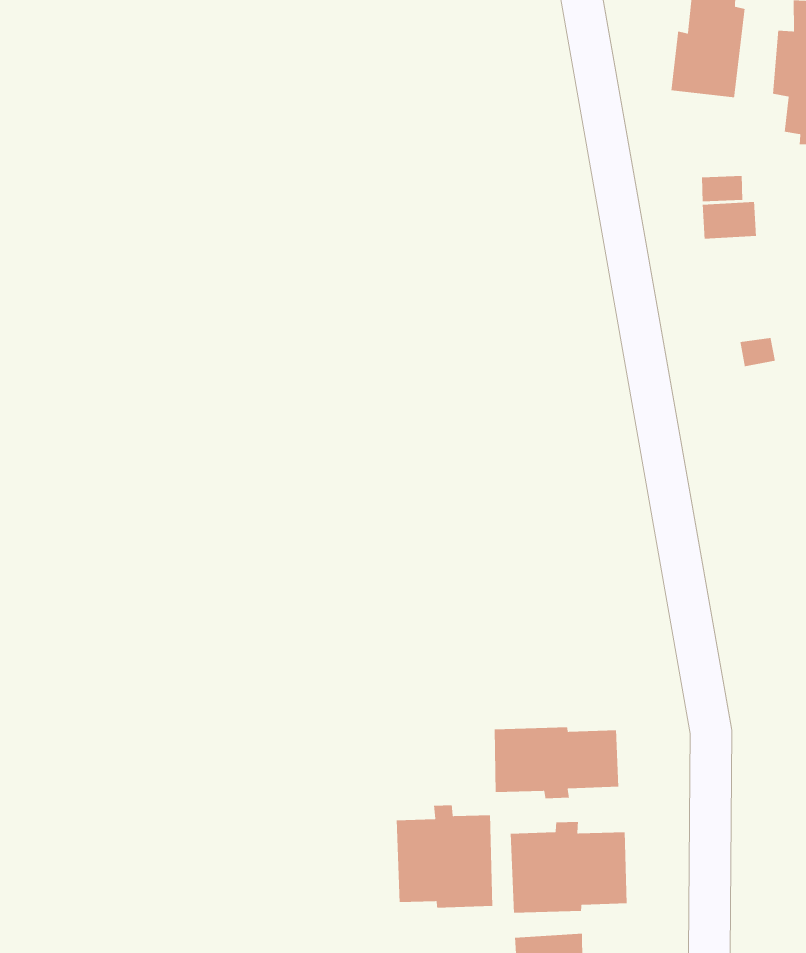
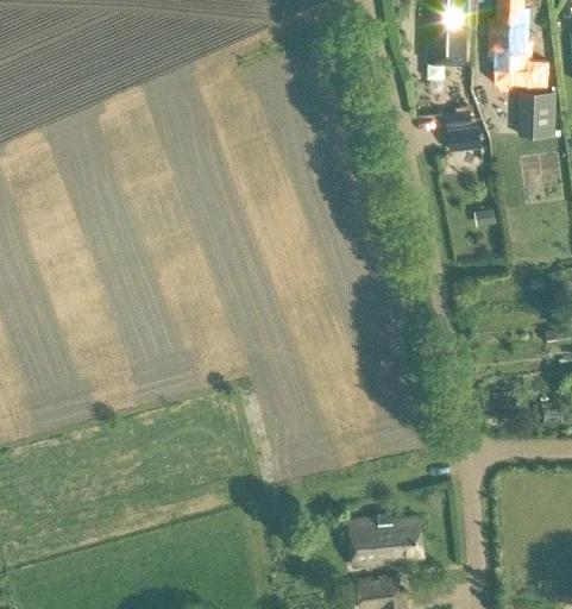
building: [494,726,619,799] -> none
building: [396,804,493,908] -> none

